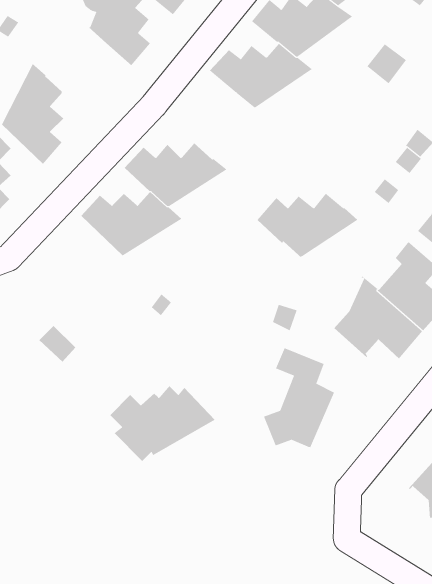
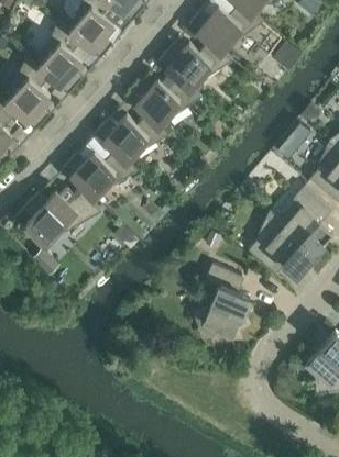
building: none -> [37,20,83,93]
building: [257,193,358,259] -> [127,77,201,125]
building: [109,385,216,462] -> [23,186,101,242]

